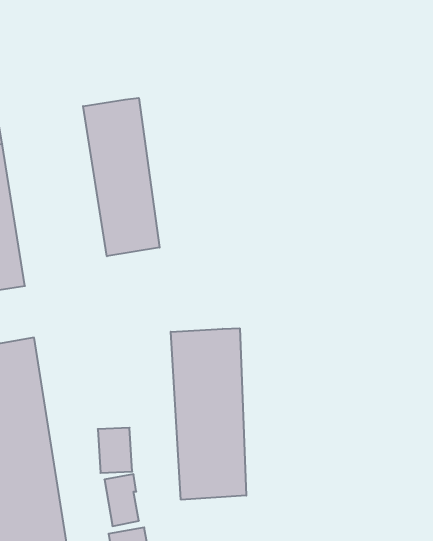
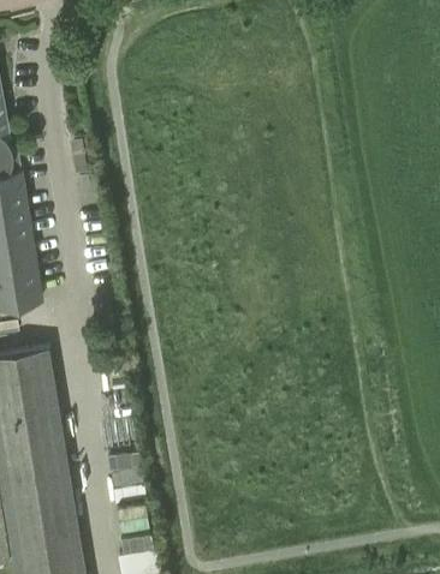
building: [83,98,160,256] -> none
building: [171,328,246,500] -> none

